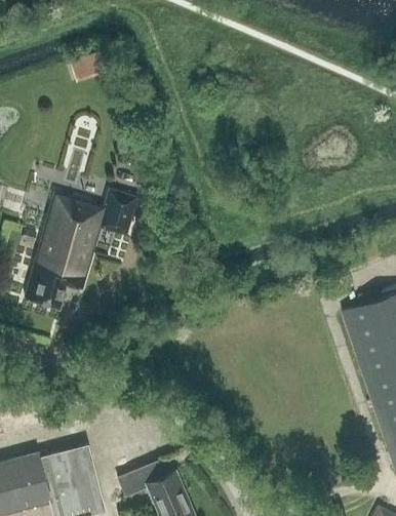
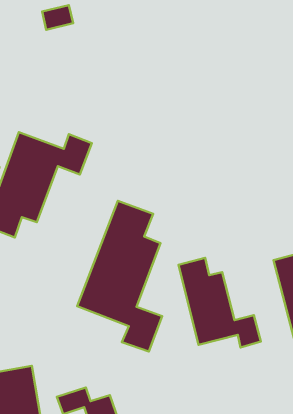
building: none -> [77,201,162,352]
building: none -> [179,258,261,347]

